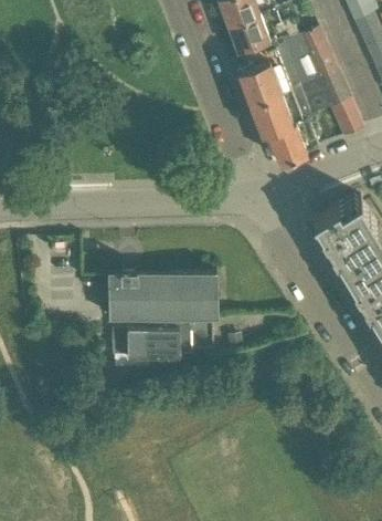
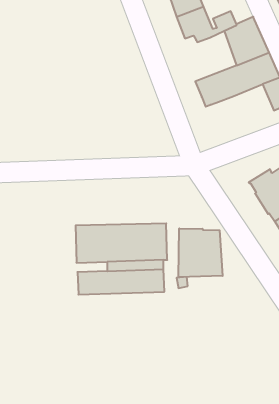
building: [237,44,298,104] -> none
building: [267,122,306,163] -> none
building: none -> [179,228,223,277]

